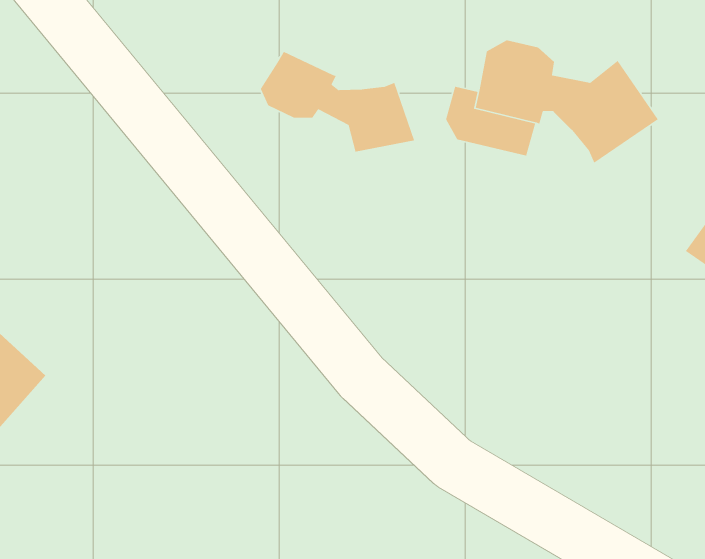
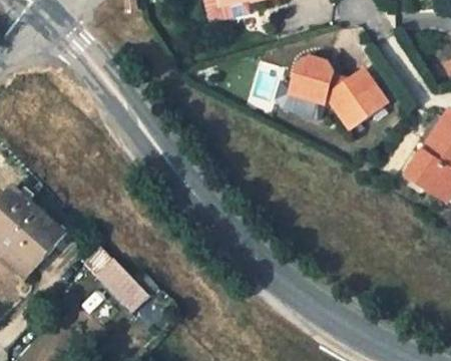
building: [260,51,415,153] -> none
building: none -> [91,260,145,314]

